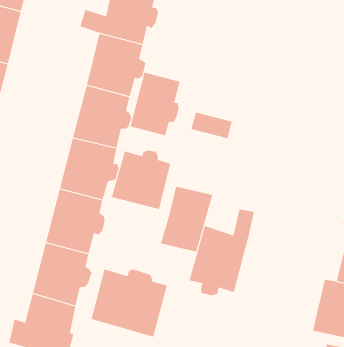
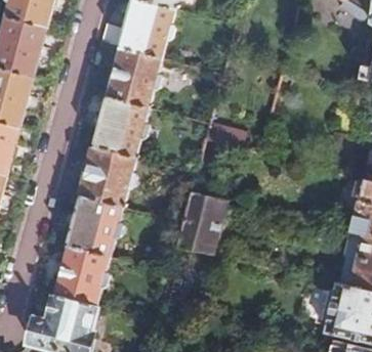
building: [130,72,180,136] -> none
building: [111,150,171,210] -> none
building: [189,208,254,296] -> none
building: [91,268,168,337] -> none

